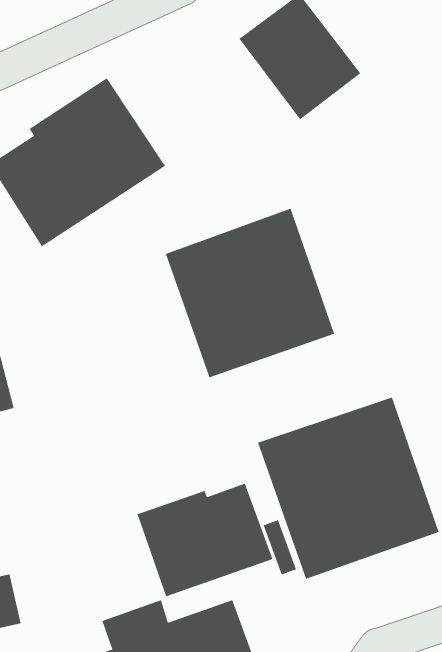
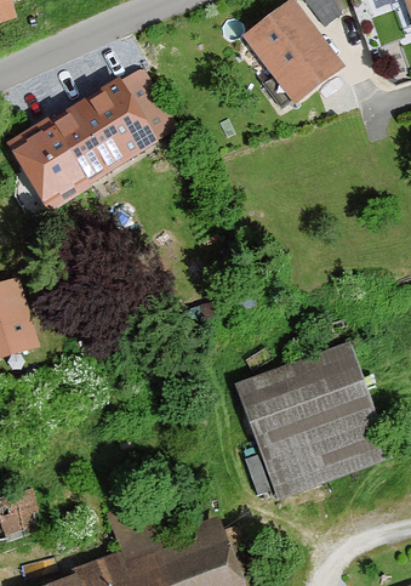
building: [165,208,335,378] -> none
building: [137,483,273,597] -> none

